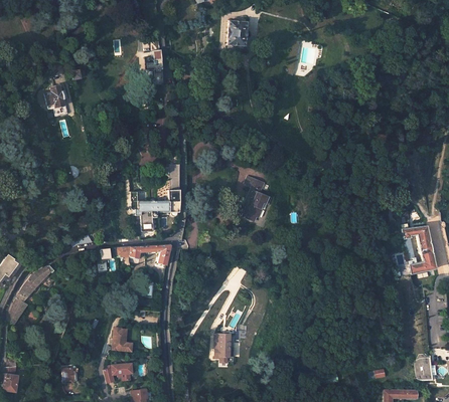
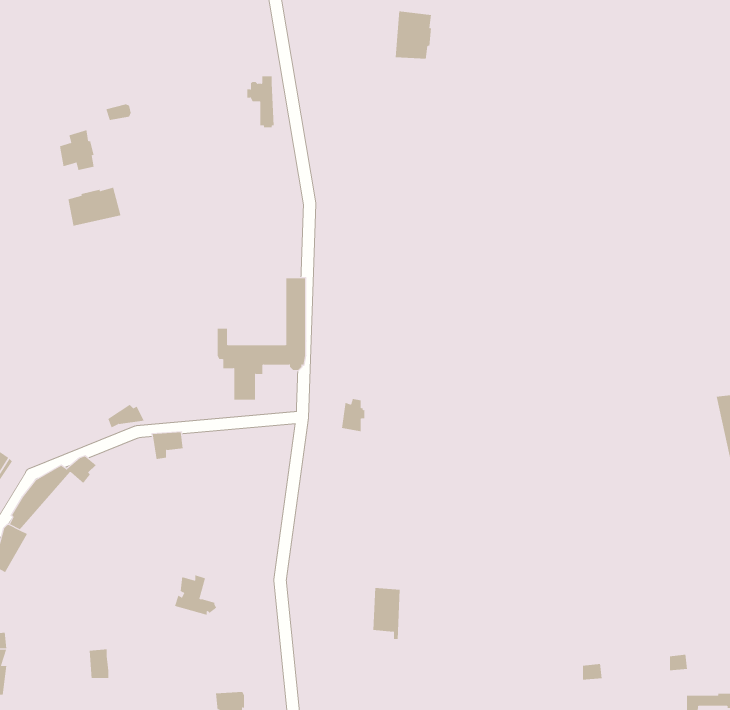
building: none -> [68,187,121,227]
building: [244,177,271,221] -> none
building: [124,244,170,265] -> none
building: [103,363,132,382] -> none

